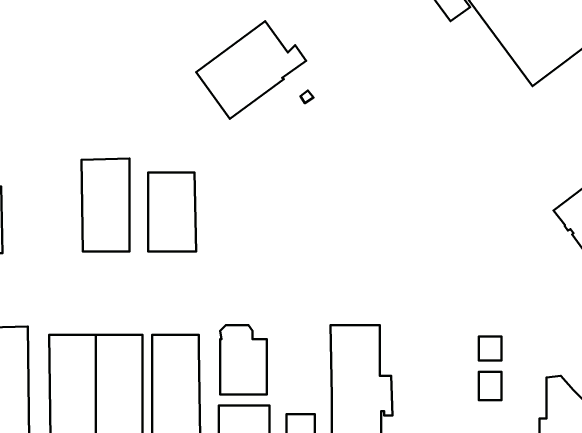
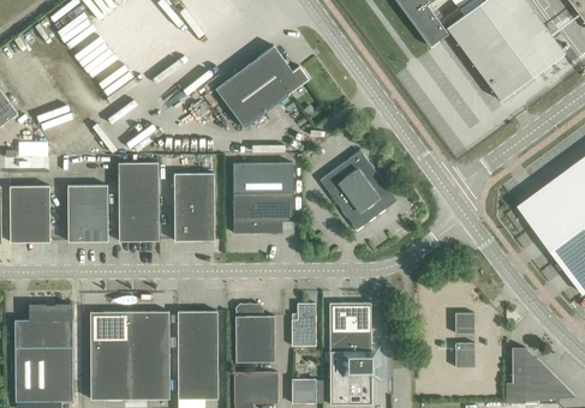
building: none -> [320,151,394,230]
building: none -> [233,163,294,234]
building: none -> [68,185,108,242]
building: none -> [292,304,316,346]

